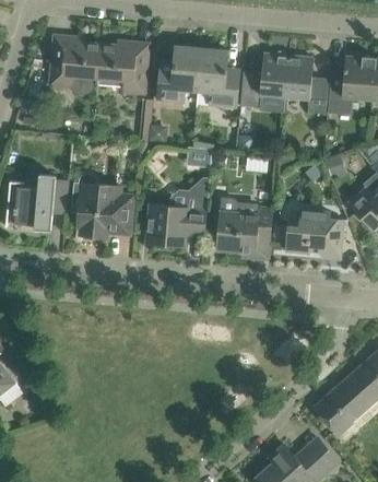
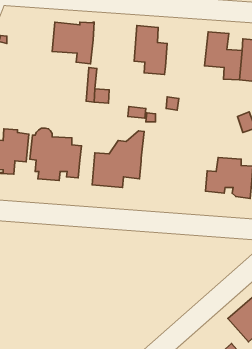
building: [48,35,101,95] -> none
building: [157,46,201,104] -> none
building: [240,54,288,108] -> none
building: [216,197,272,252] -> none

